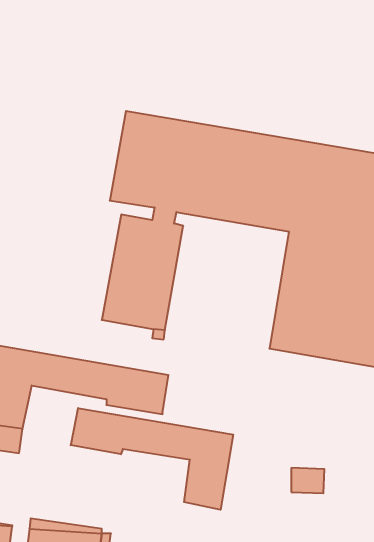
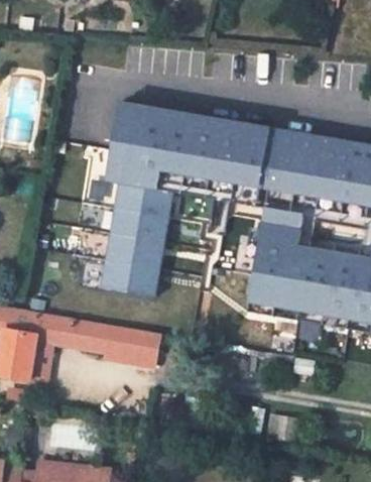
building: [71,408,233,510] -> none

